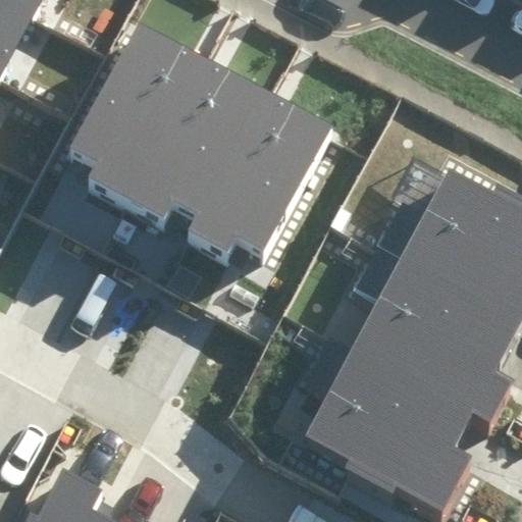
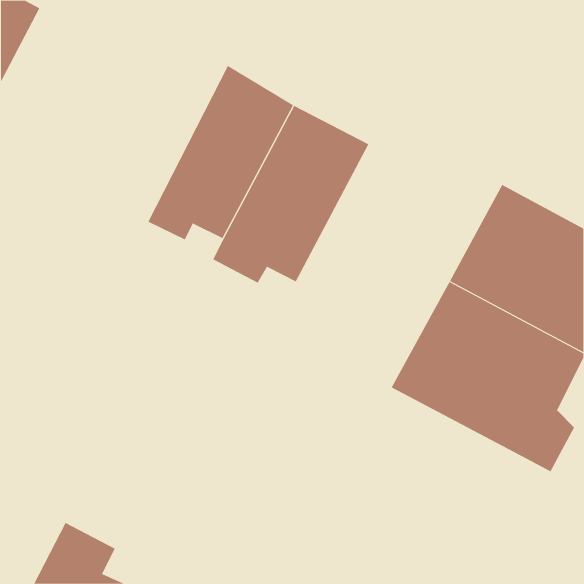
building: [69,22,203,198] -> none
building: [302,346,474,512] -> none

